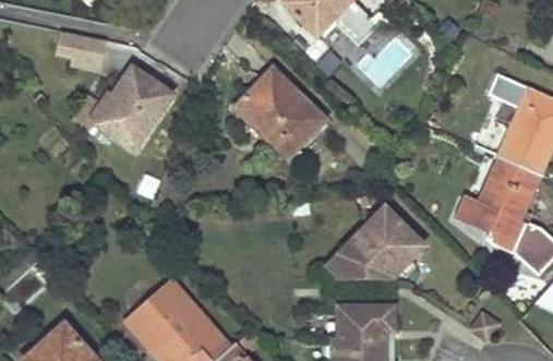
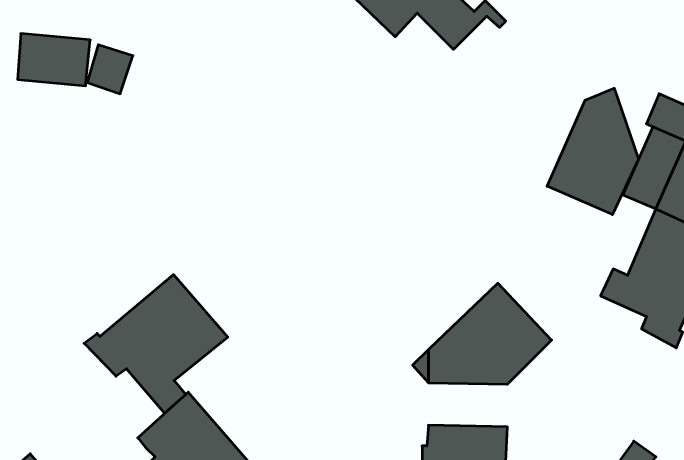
building: [95,65,173,148] -> none
building: [233,65,326,153] -> none
building: none -> [547,88,638,215]
building: none -> [84,275,228,413]

